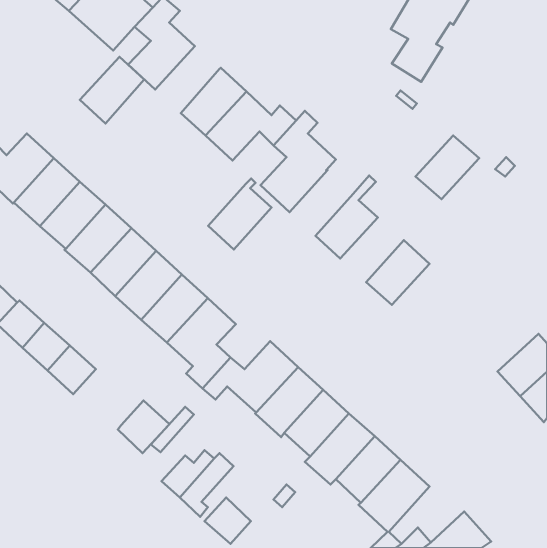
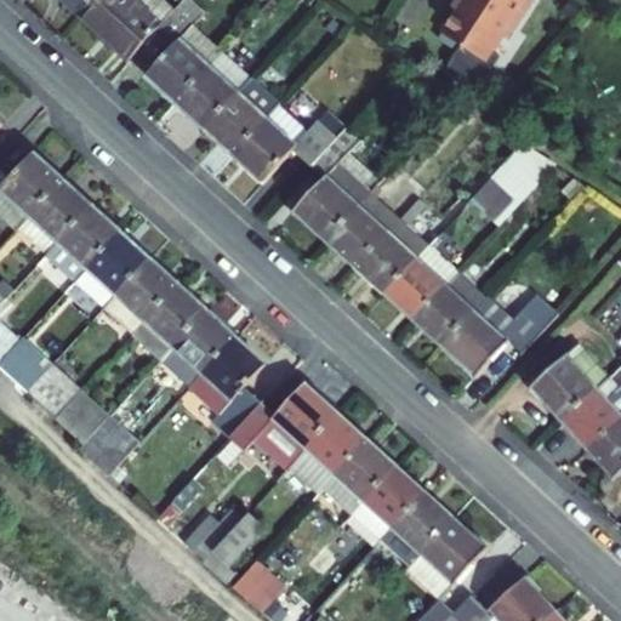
building: [80,57,144,124] -> [175,52,247,127]
building: [208,178,272,250] -> [326,186,398,266]
building: none -> [383,245,455,318]
building: none -> [441,294,556,375]
building: none -> [530,343,606,418]
building: [118,400,170,453] -> [79,416,137,475]

